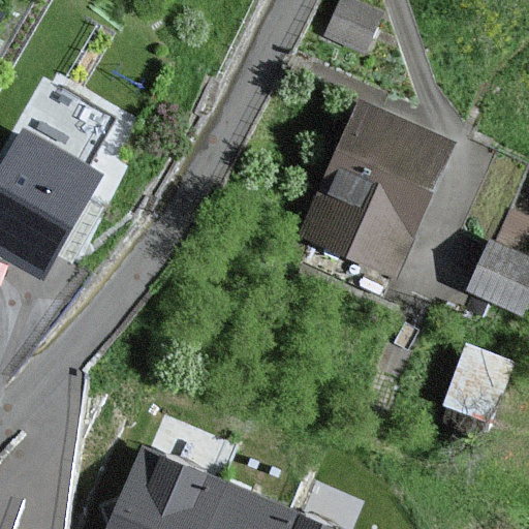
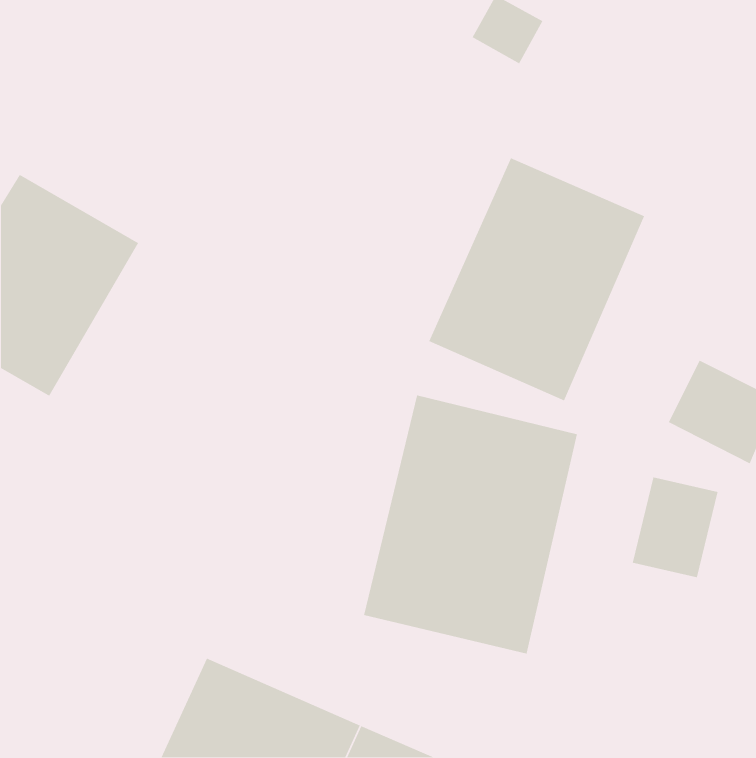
building: none -> [363,395,578,655]

